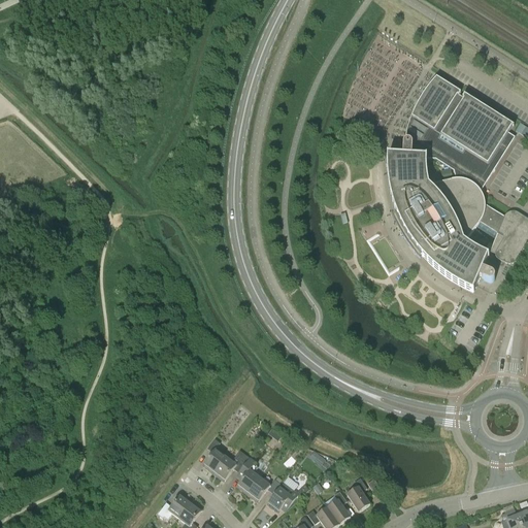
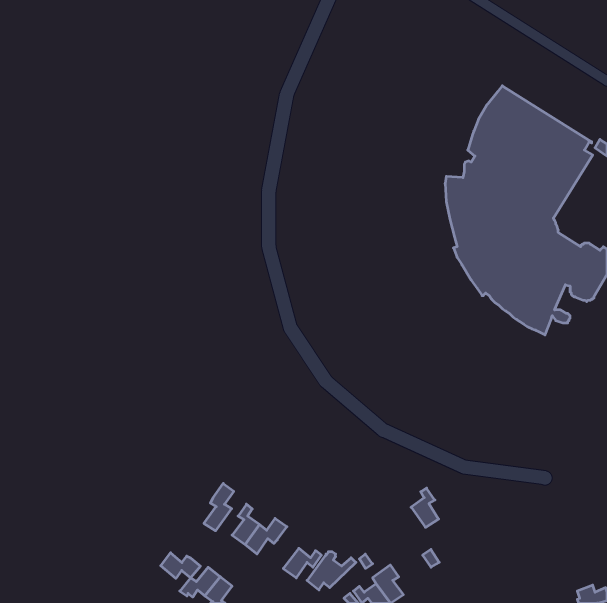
building: none -> [204,483,234,531]
building: [235,455,259,492] -> none
building: [345,475,369,509] -> [411,488,439,527]
building: none -> [161,553,200,578]

